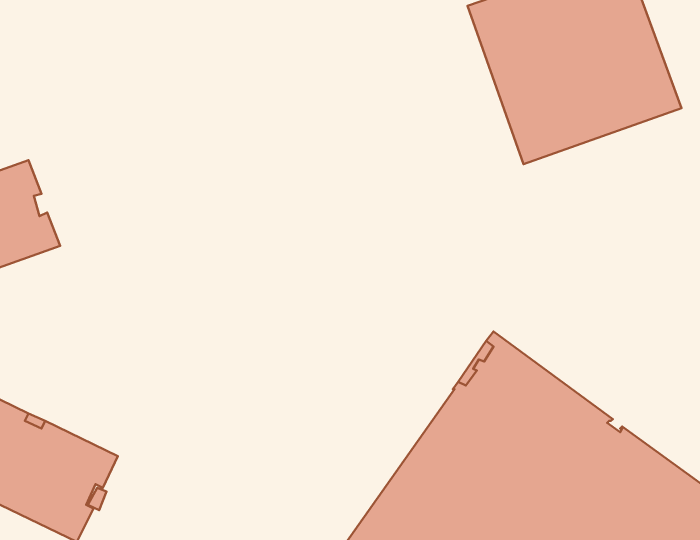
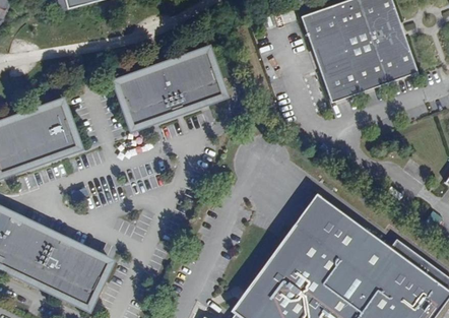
building: none -> [114,48,224,128]

